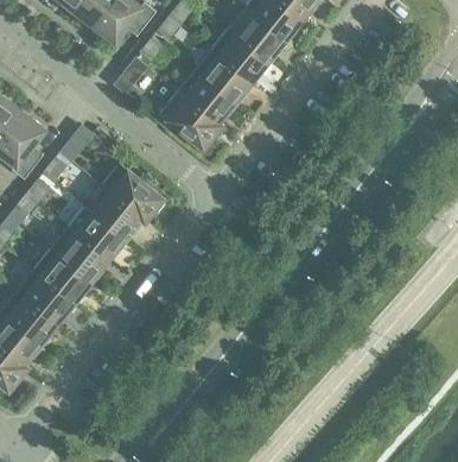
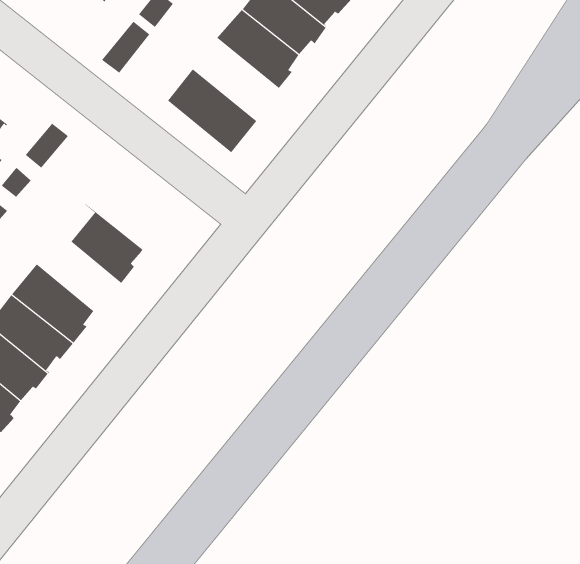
building: [176,69,236,127] -> none
building: [100,163,163,222] -> none
building: [66,205,126,260] -> none

